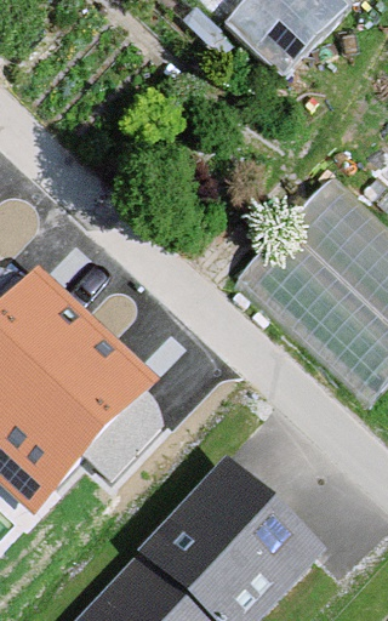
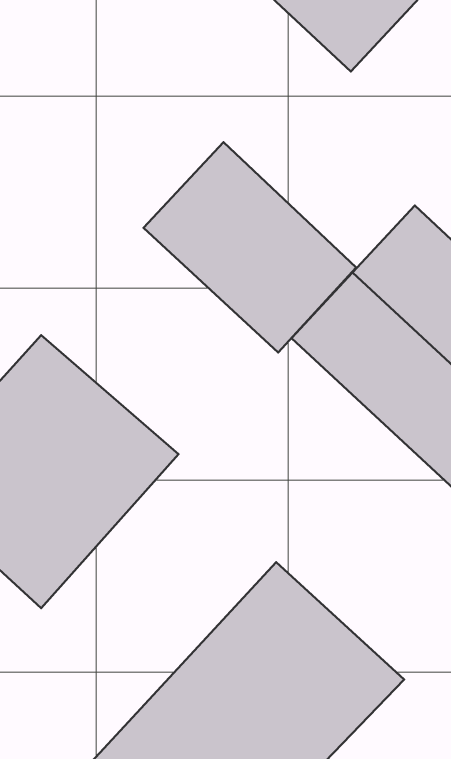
building: none -> [144,142,356,353]

